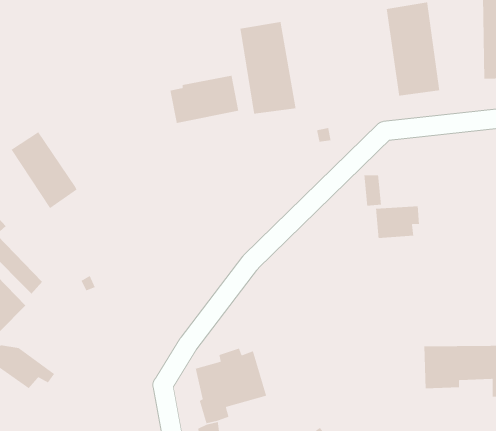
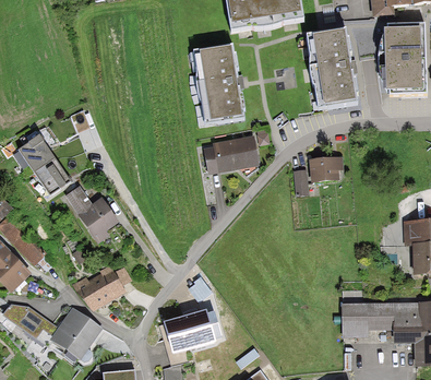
building: [169,75,239,124] -> [204,136,259,175]
building: none -> [64,186,118,244]
building: [375,205,420,239] -> [309,156,344,182]
building: none -> [74,264,131,312]
building: none -> [49,307,101,359]

